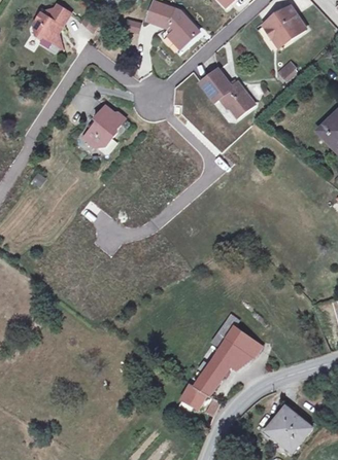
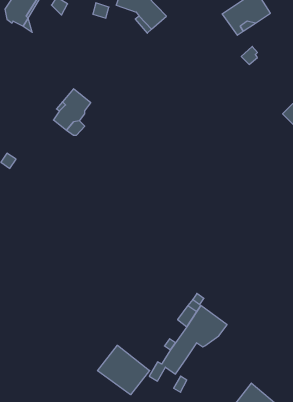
building: [200,68,254,116] -> none
building: none -> [98,345,150,395]

